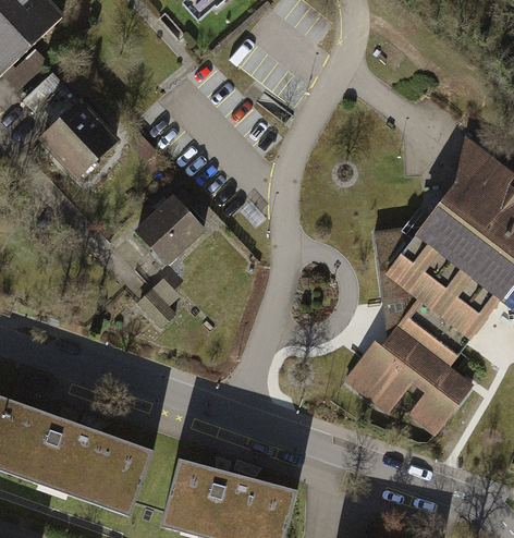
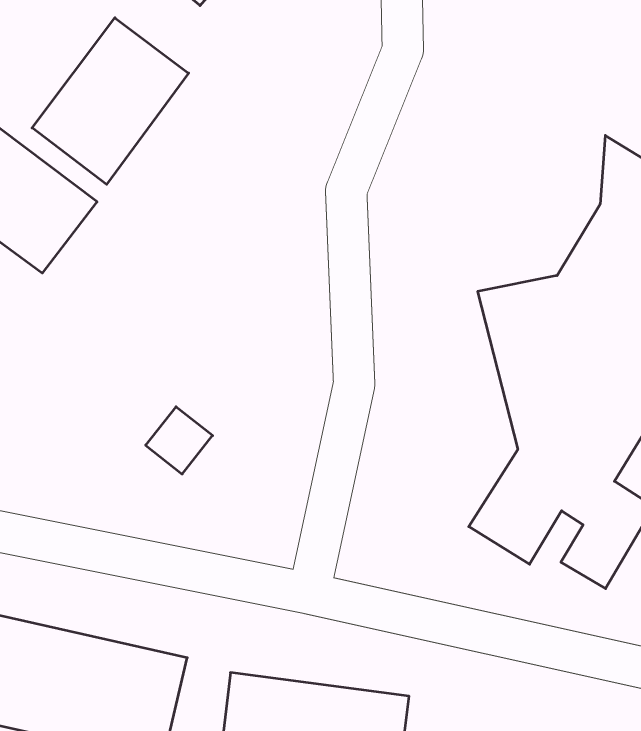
building: none -> [32,18,189,184]
building: [137,199,207,269] -> none

